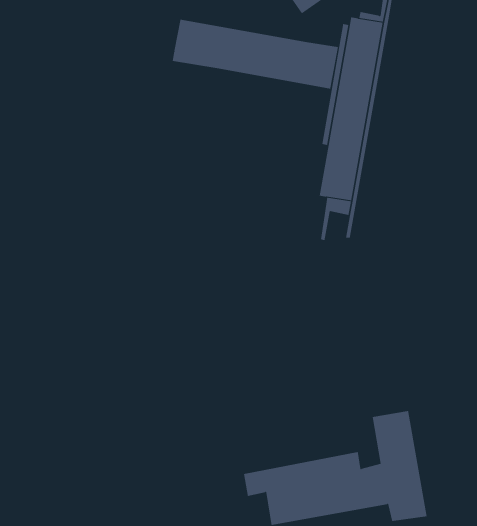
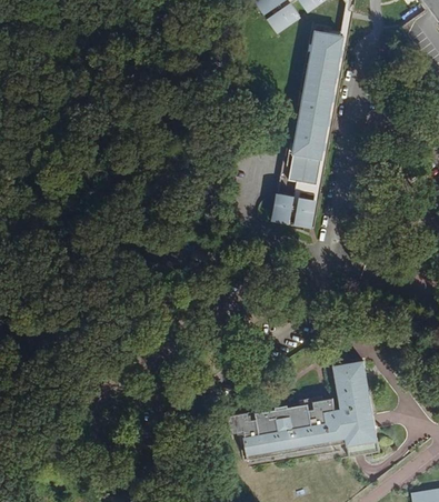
building: [172,19,338,89] -> none
building: none -> [292,194,313,230]
building: none -> [272,195,292,227]

